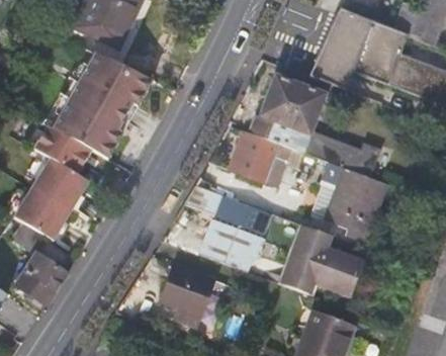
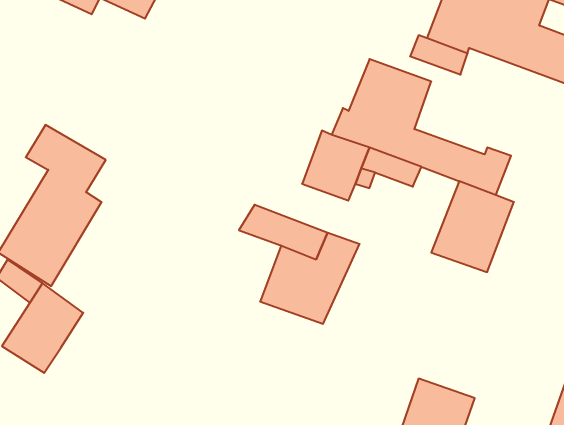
building: [41,49,151,160] -> none
building: [284,228,362,294] -> none
building: [160,266,211,326] -> none

